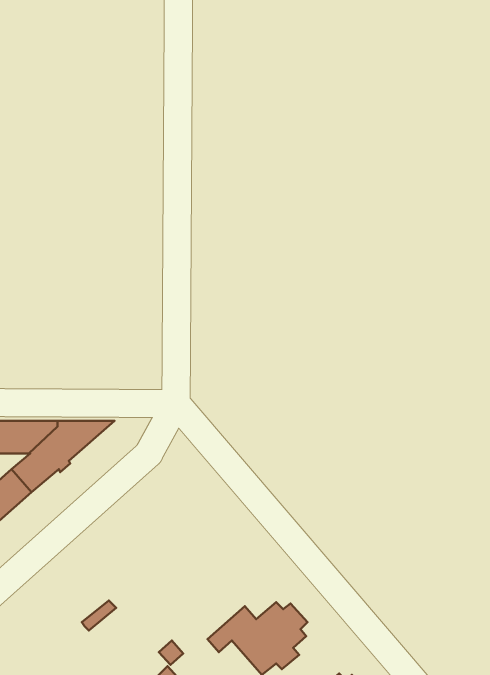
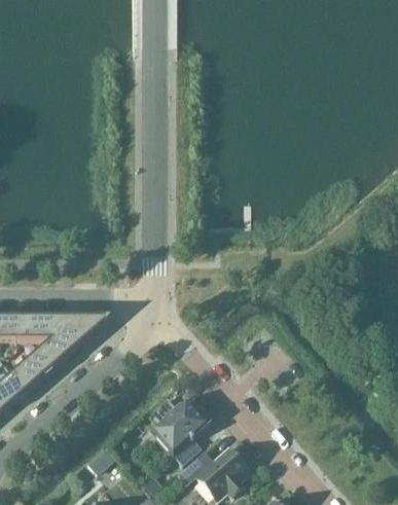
building: none -> [151,400,209,464]

